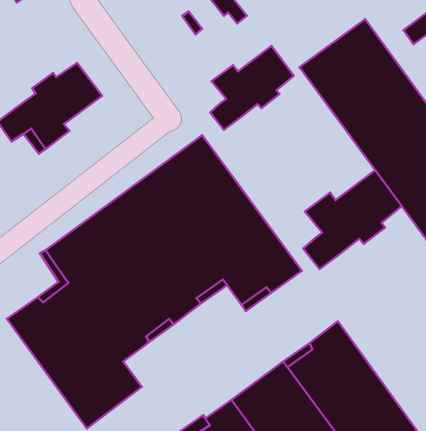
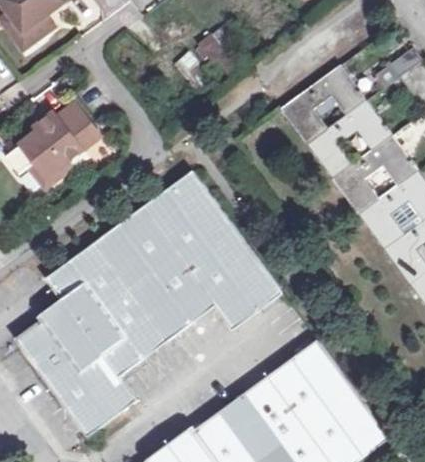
building: [210,46,294,130] -> none
building: [303,170,402,269] -> none

